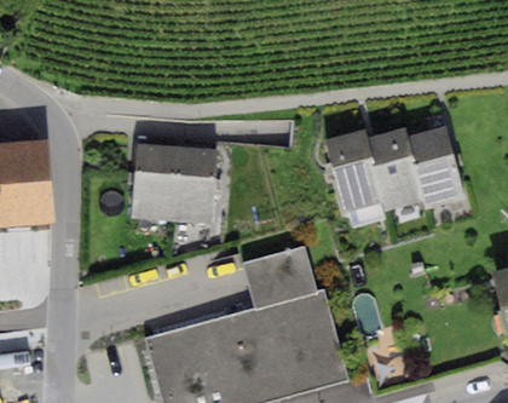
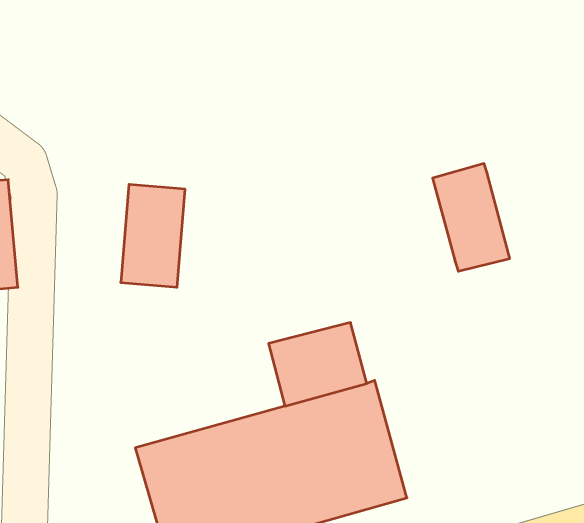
building: [408,125,464,206] -> none
building: [324,131,383,211] -> none
building: [174,146,217,223] -> none

